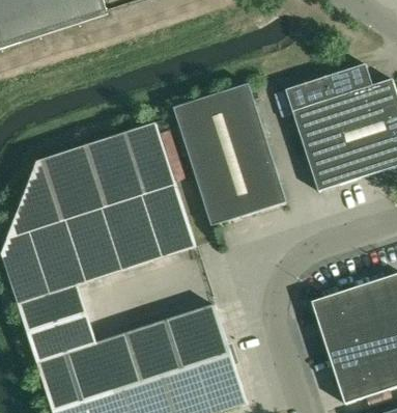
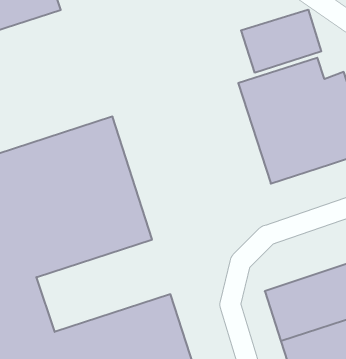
building: none -> [241,10,321,73]
building: [173,83,286,225] -> none

